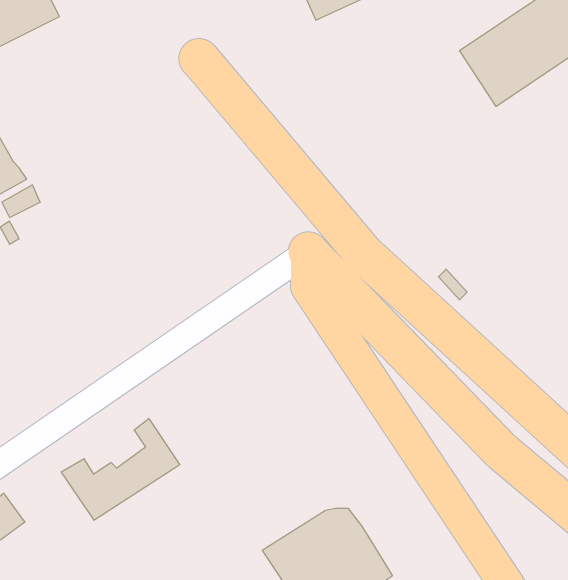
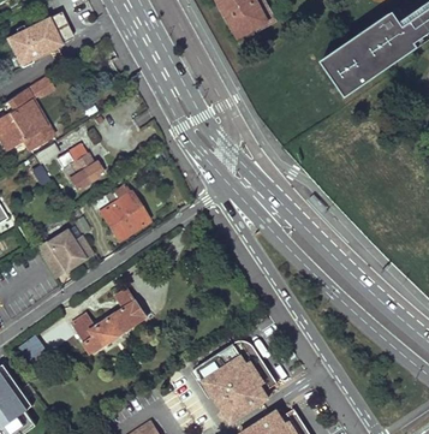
building: none -> [64,145,99,184]
building: none -> [99,185,149,240]
building: none -> [50,232,93,272]

